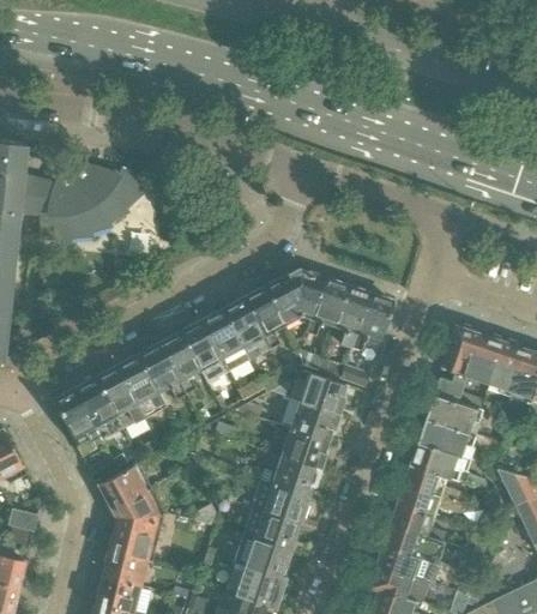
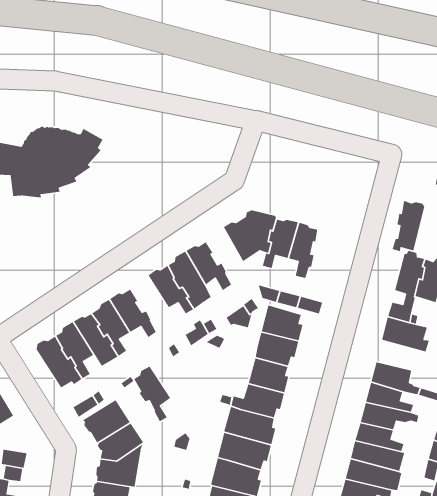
building: [246,285,284,349] -> none
building: [351,295,391,351] -> [391,200,425,252]
building: [161,332,200,395] -> [133,365,171,422]
building: [421,420,476,456] -> none

